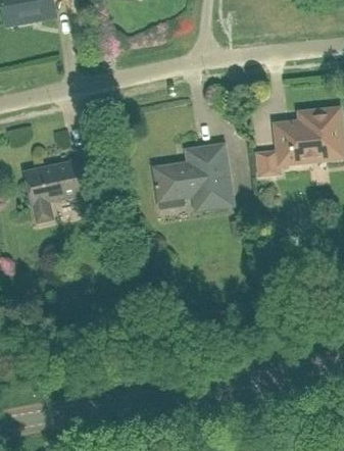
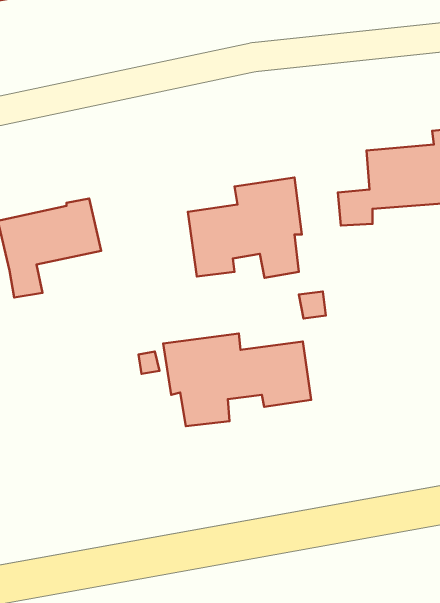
building: none -> [163,333,311,426]

